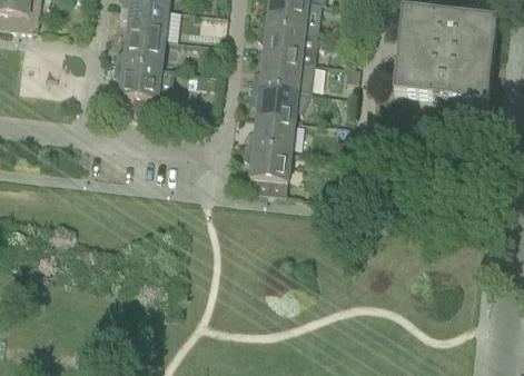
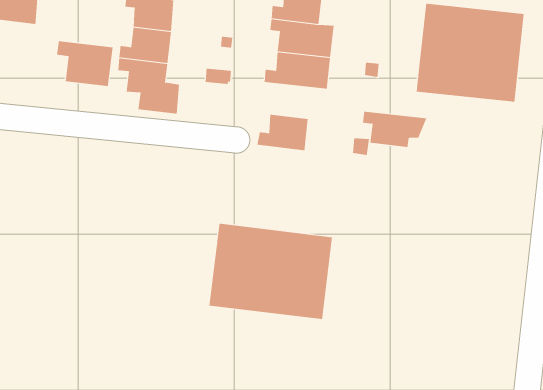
building: none -> [56,40,113,87]
building: [250,80,312,115] -> [362,111,427,148]
building: [244,139,290,189] -> none
building: none -> [209,223,333,320]

